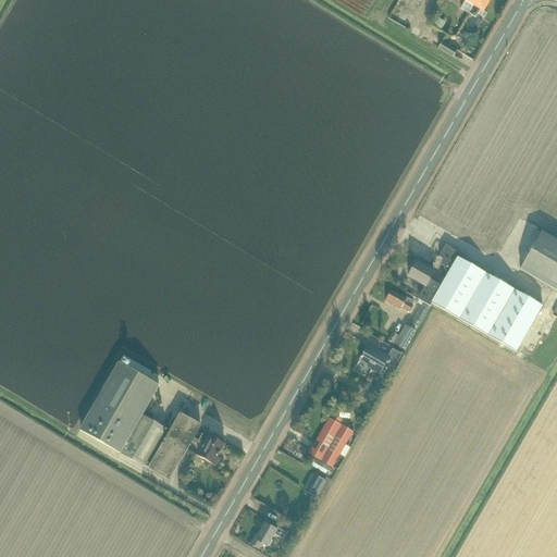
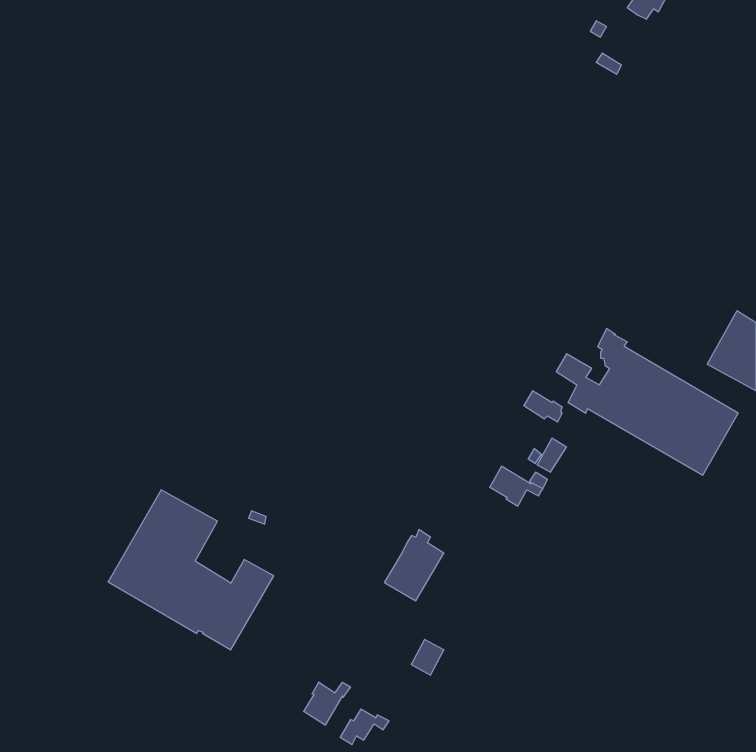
building: [309,412,352,465] -> [385,530,444,601]
building: [197,431,225,463] -> none
building: none -> [304,682,350,725]

